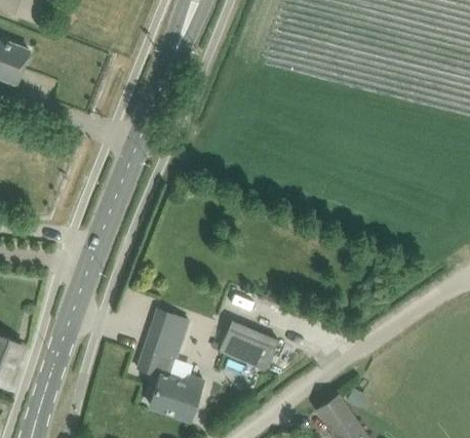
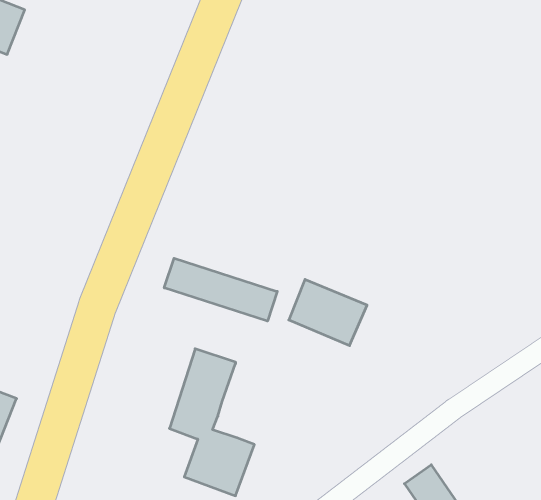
building: none -> [164,258,277,321]
building: [219,321,278,371] -> [289,279,367,346]

